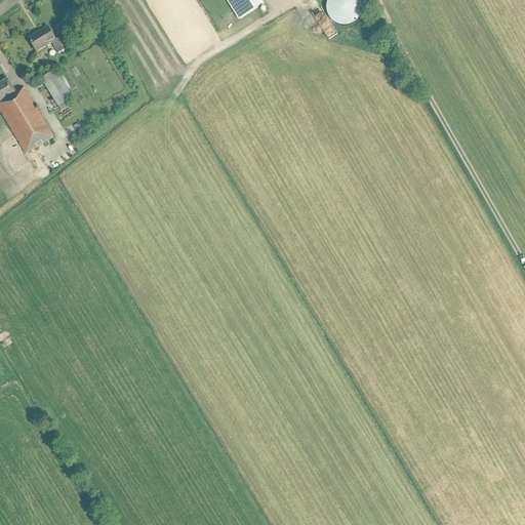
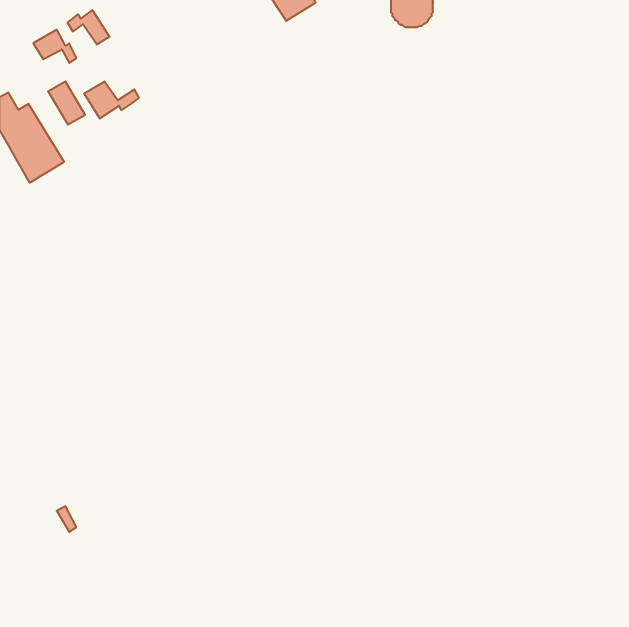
building: none -> [68,10,110,45]
building: none -> [84,81,139,119]

